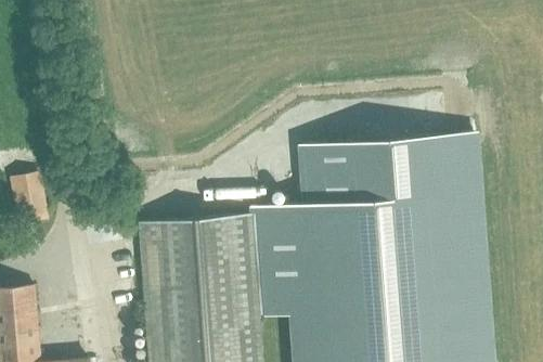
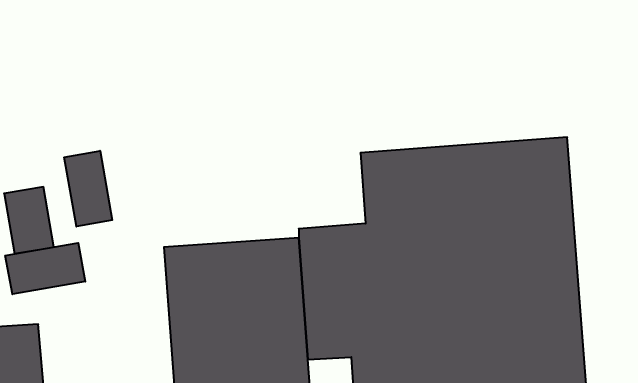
building: none -> [64,151,112,227]
building: none -> [5,243,85,294]

